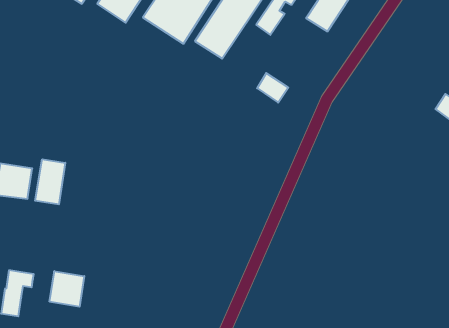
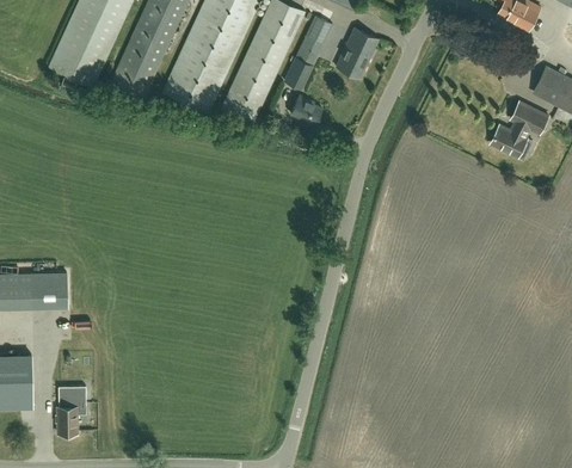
building: [257,73,288,103] -> [290,94,324,124]
building: [35,159,65,204] -> none
building: [50,271,84,307] -> none

